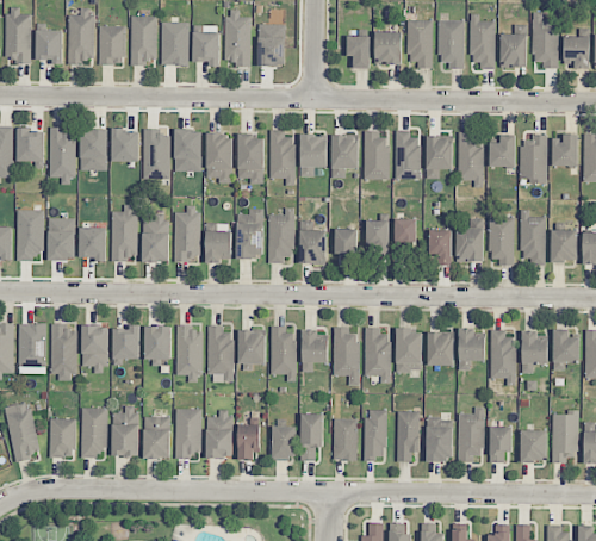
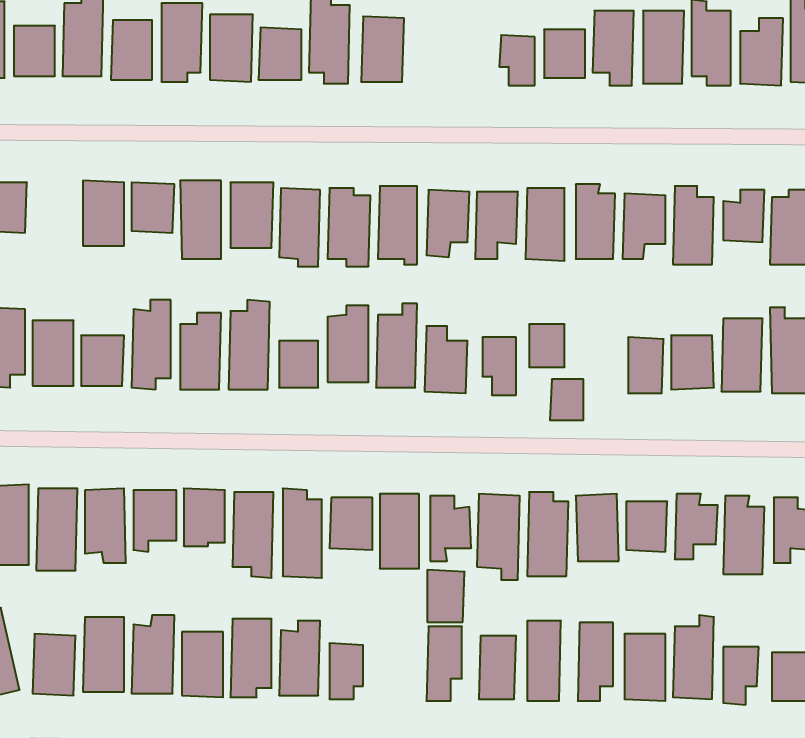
building: [50,128,75,185] -> none
building: [395,219,416,245] -> [550,379,583,420]
building: [273,425,297,459] -> [427,570,465,622]

